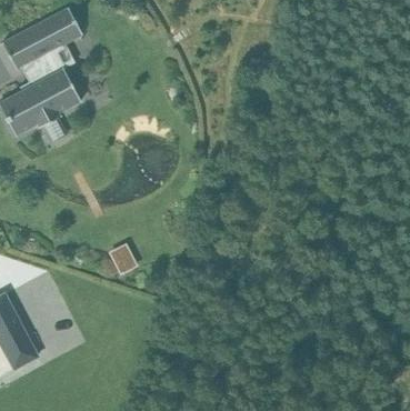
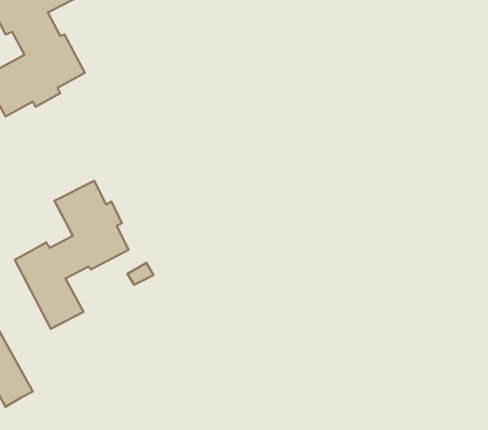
building: none -> [15,181,129,329]

